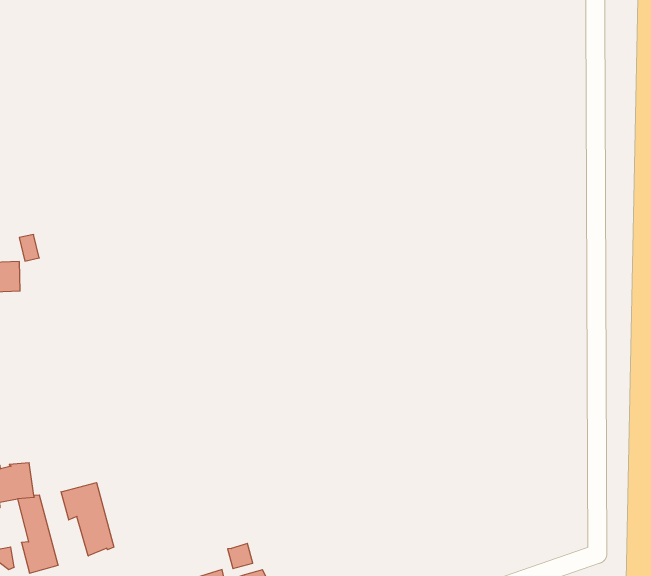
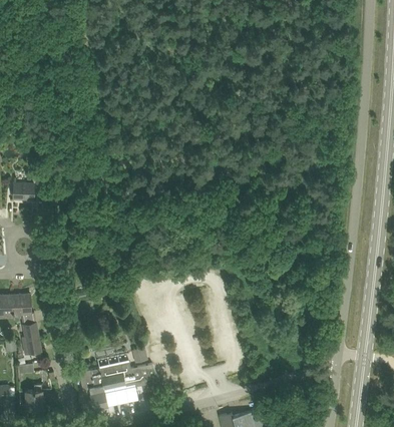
building: [61,483,114,556] -> none

